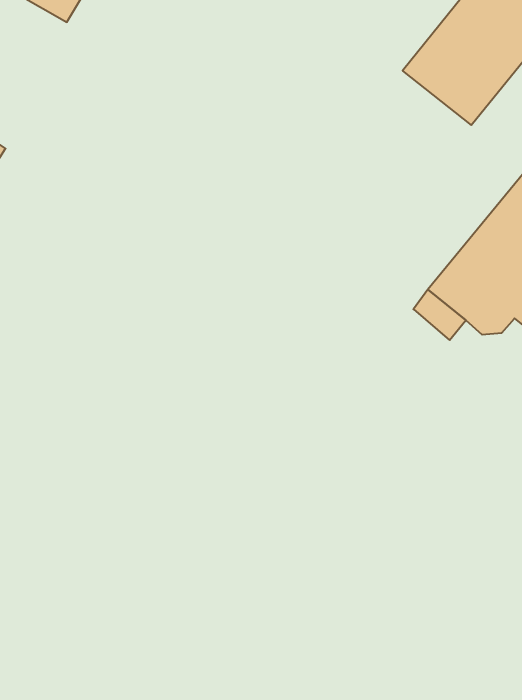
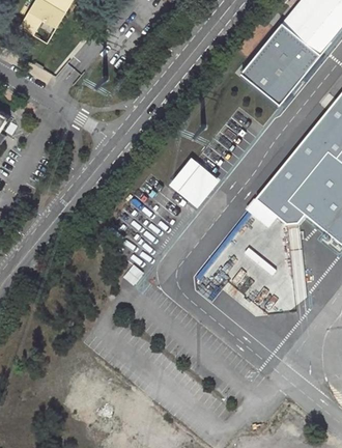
building: none -> [169,152,221,205]

